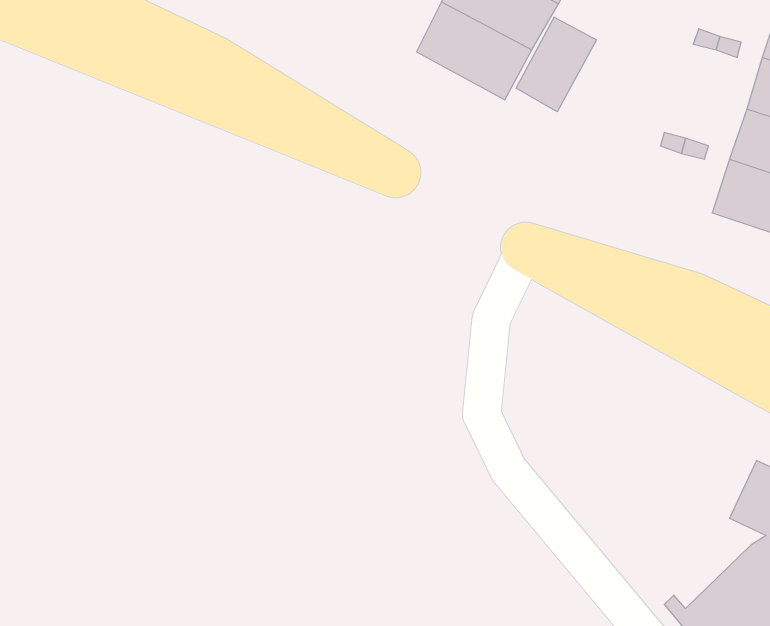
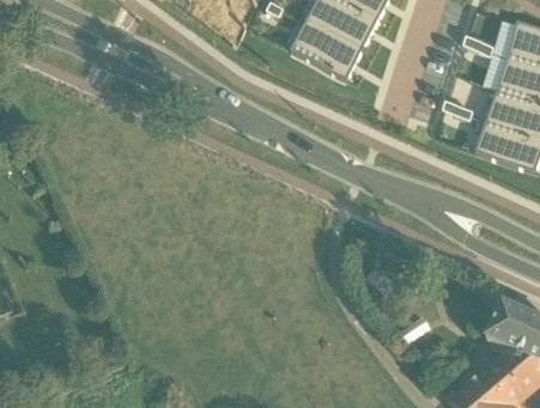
building: [516,17,596,112] -> none

